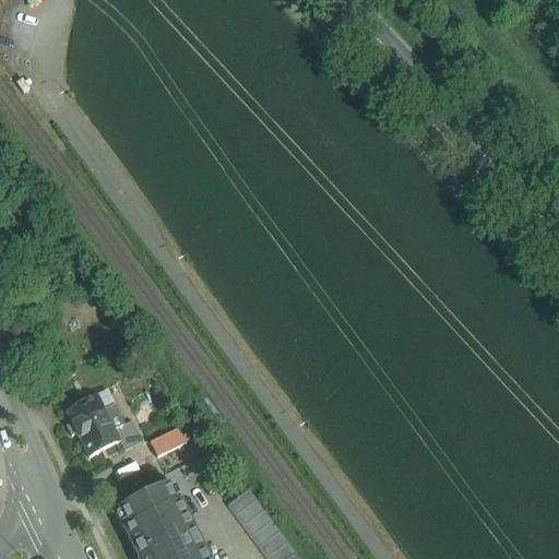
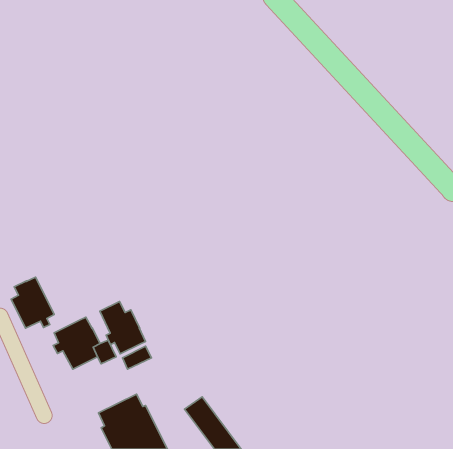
building: none -> [11,277,54,328]
building: none -> [100,302,145,354]

